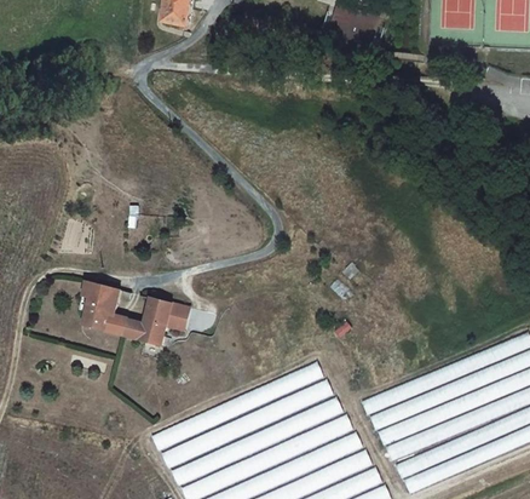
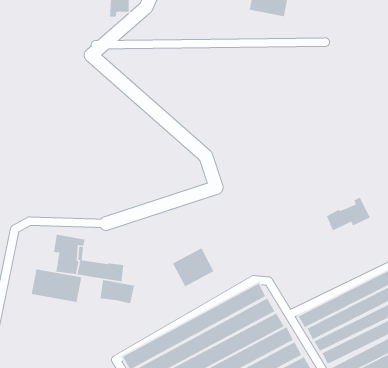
building: none -> [326,196,371,231]
building: [142,299,184,331] -> [100,279,135,304]
building: none -> [172,247,215,287]
building: none -> [31,268,82,303]

